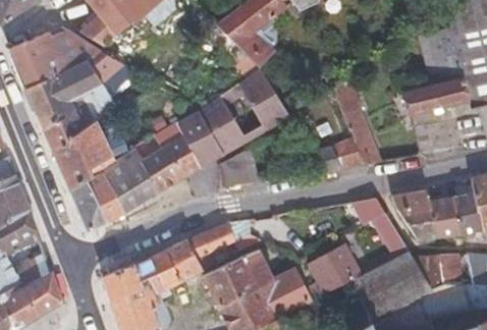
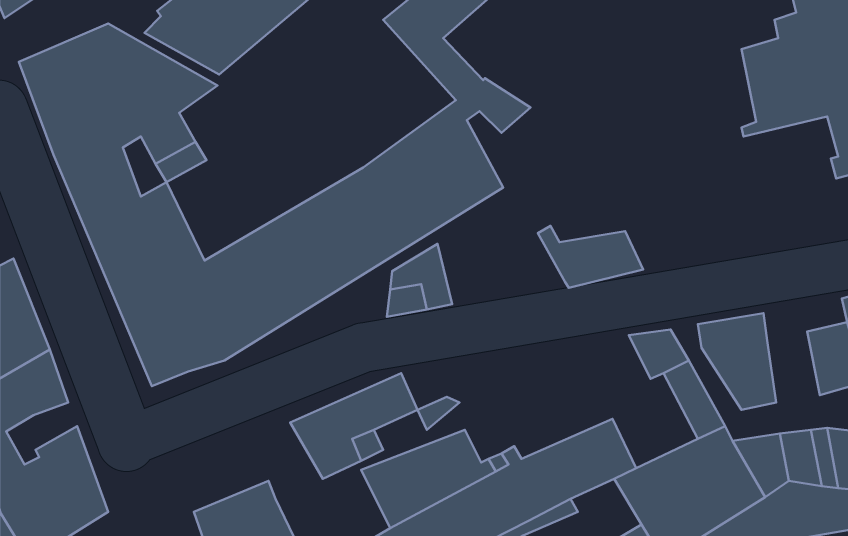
building: [407,77,471,114] -> none
building: [327,80,379,163] -> none
building: [431,198,461,237] -> none
building: [102,249,181,298] -> none

